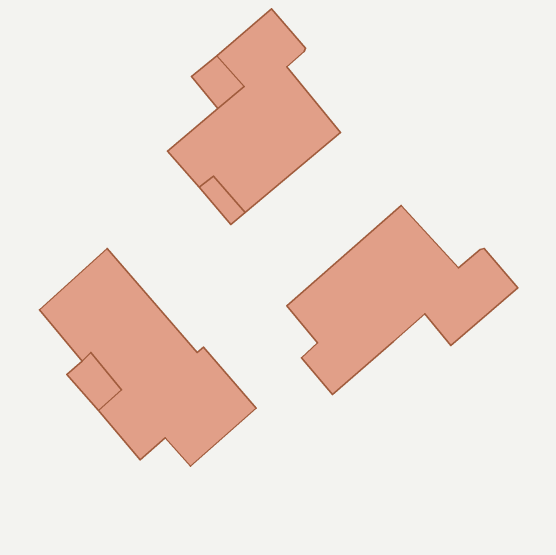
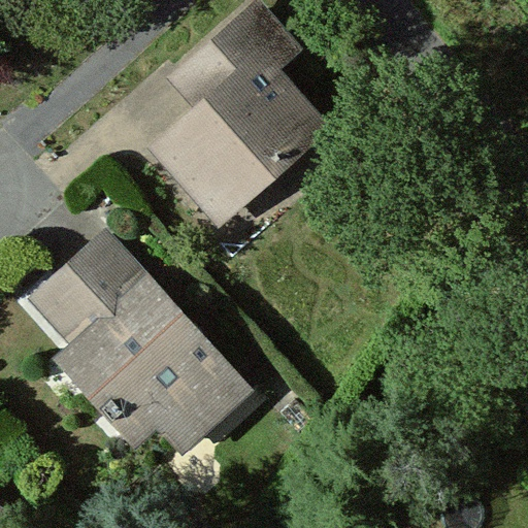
building: [287,205,518,395] -> none

